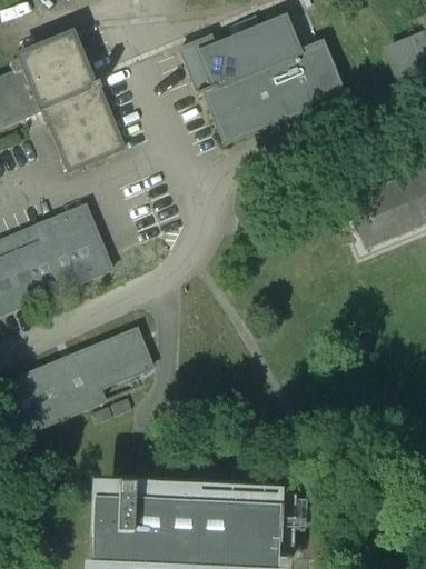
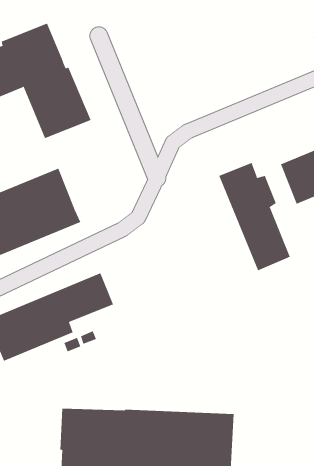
building: [184,16,344,142] -> none
building: none -> [219,162,291,271]

